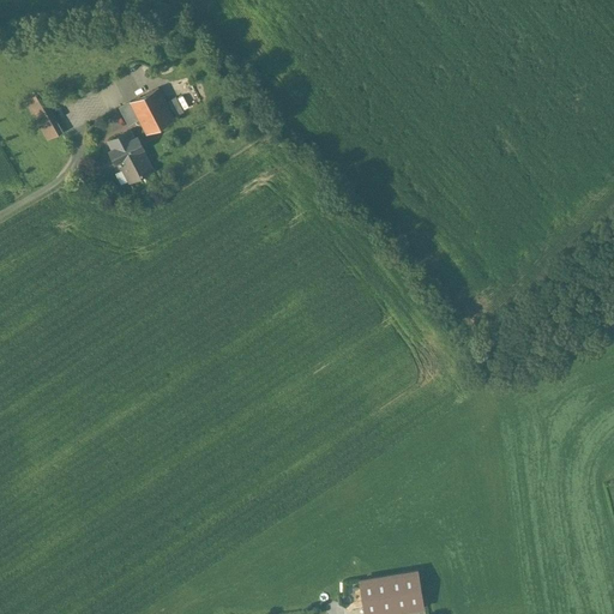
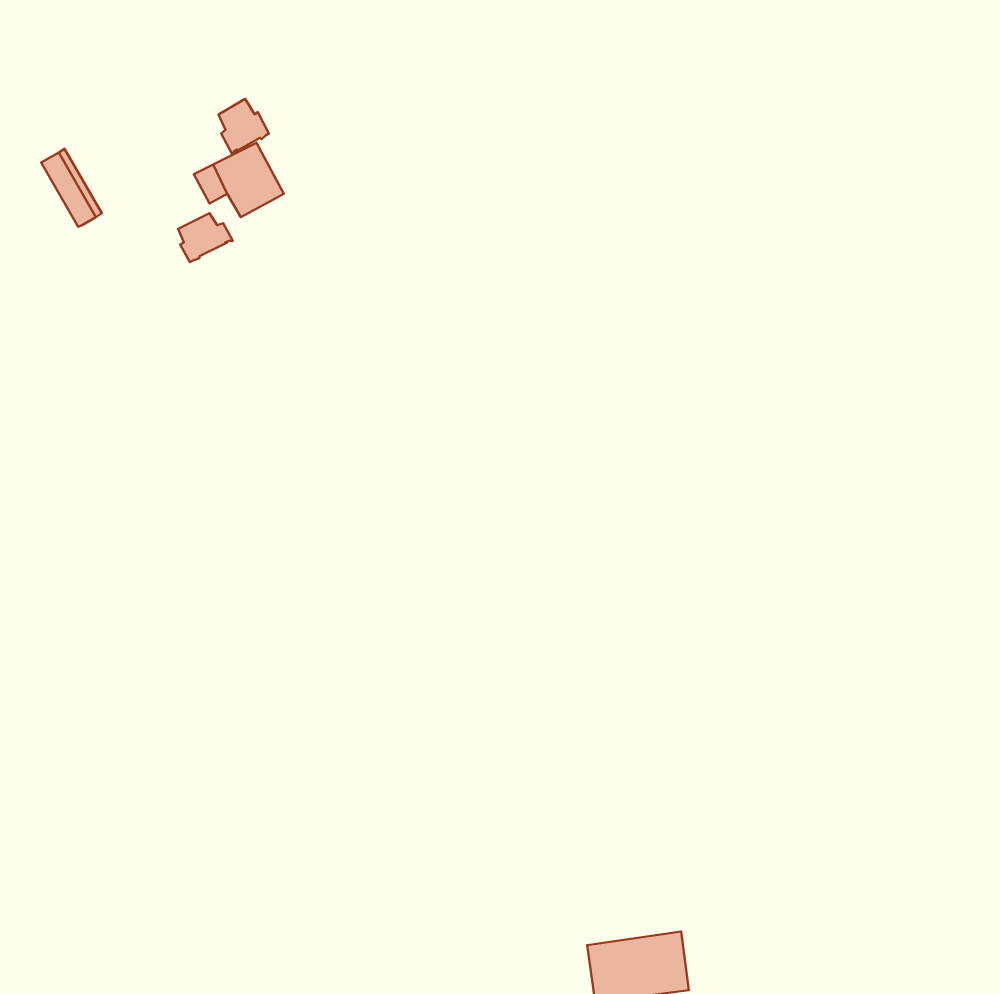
building: none -> [218,99,269,155]
building: [119,151,151,183] -> none

